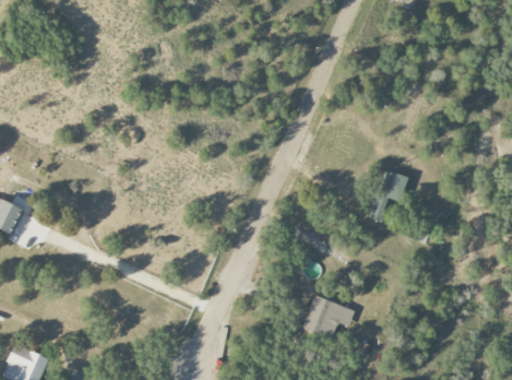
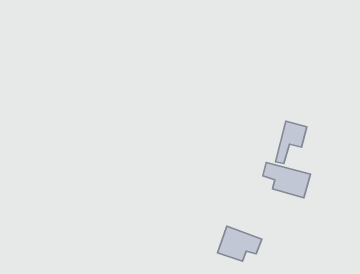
building: none -> [263,163,311,198]

